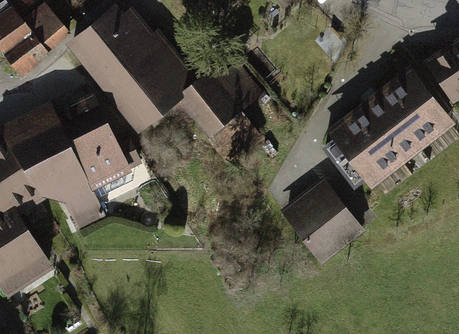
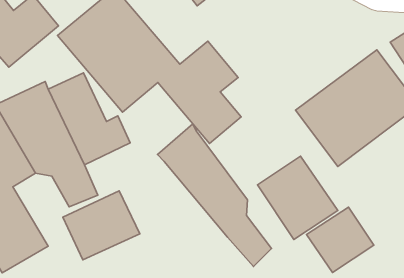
building: none -> [157,124,272,267]
building: none -> [63,191,140,260]
building: none -> [307,207,374,273]

